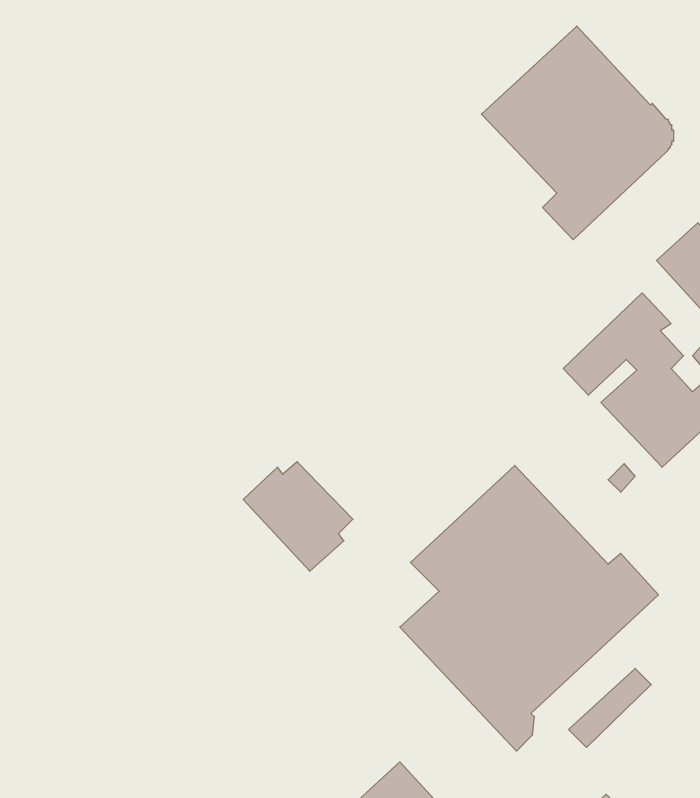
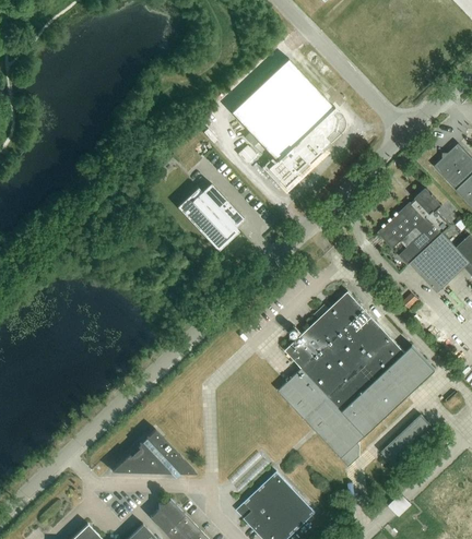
building: [481,26,674,240] -> [228,58,345,188]
building: [243,462,353,571] -> [177,184,244,251]
building: none -> [110,430,197,475]

